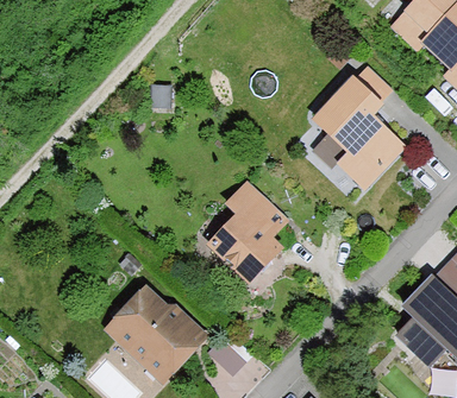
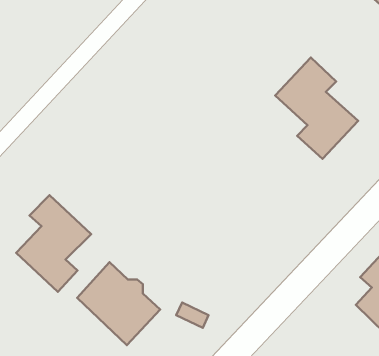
building: [211,184,284,279] -> none
building: none -> [16,195,91,292]

